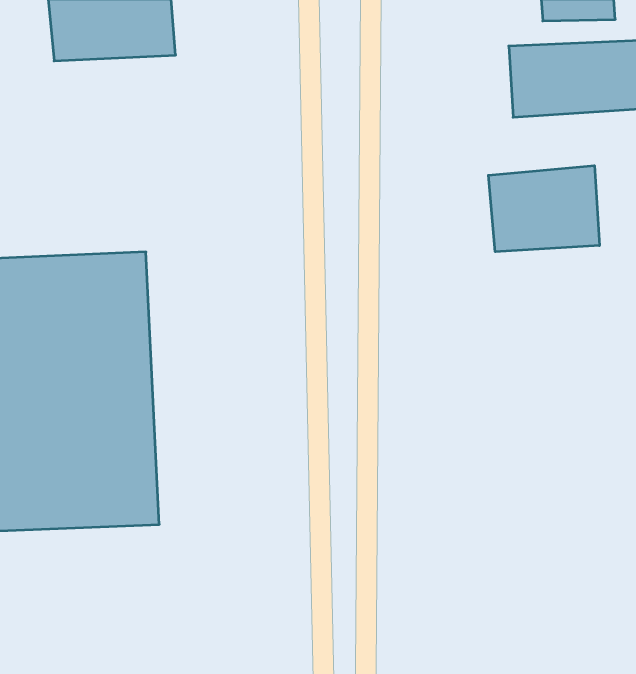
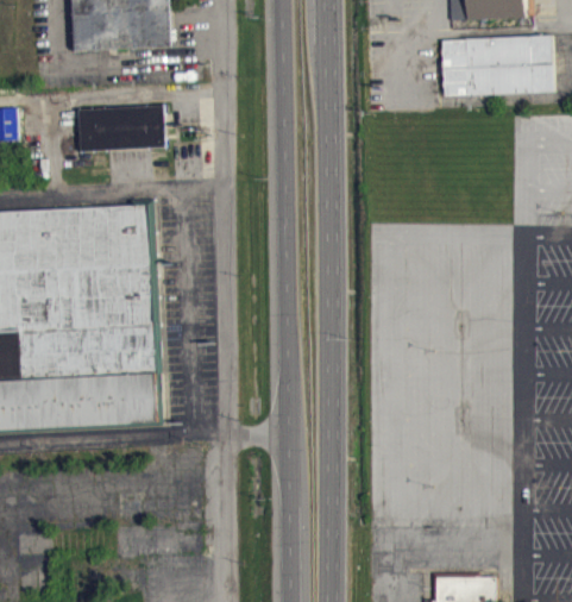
building: none -> [77,104,164,151]
building: [488,166,599,252] -> none

